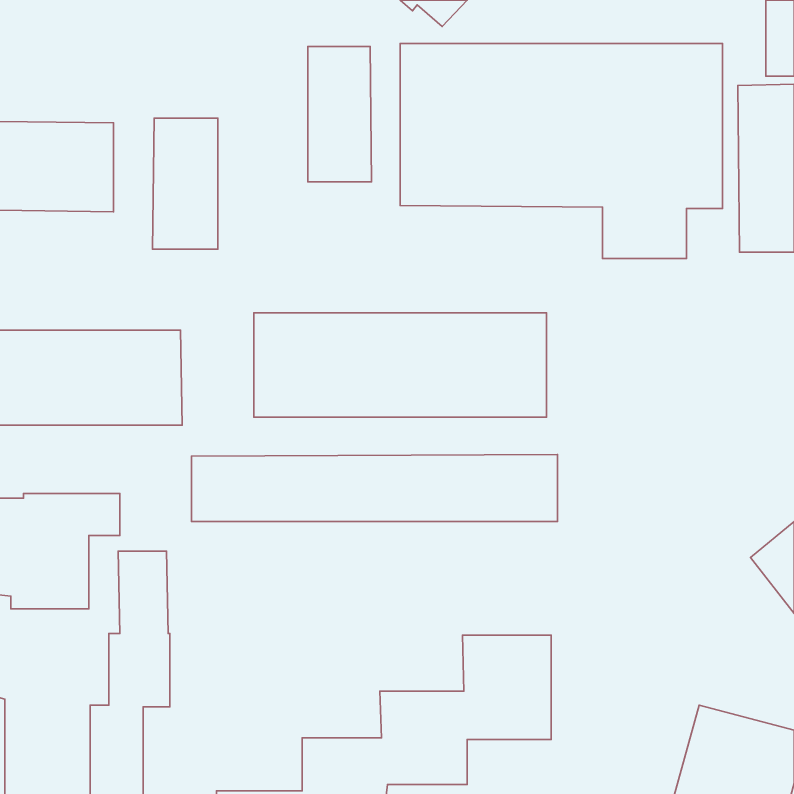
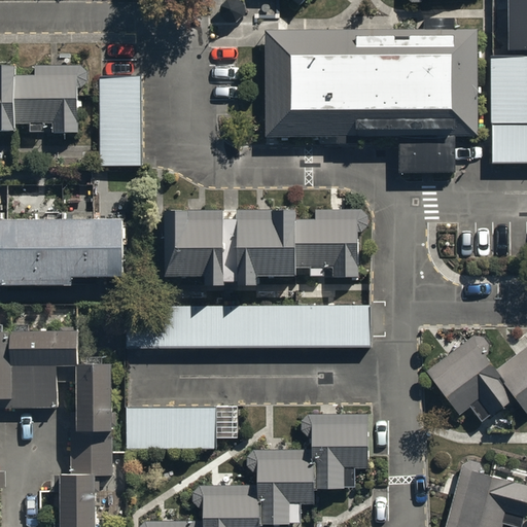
building: [308,46,372,182] -> none
building: none -> [427,343,506,423]
building: none -> [127,407,220,451]

